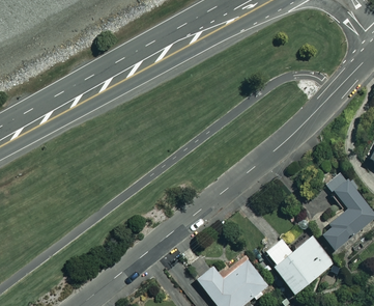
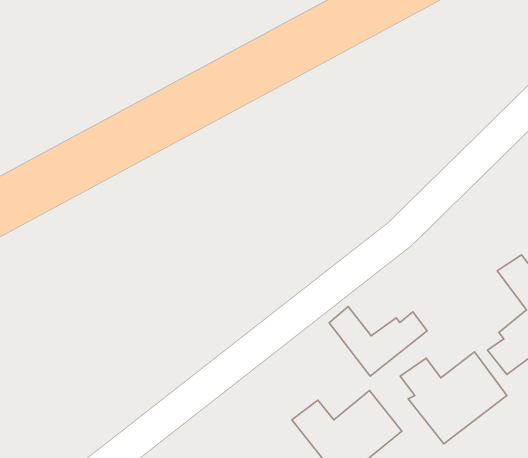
building: none -> [329,306,427,376]

